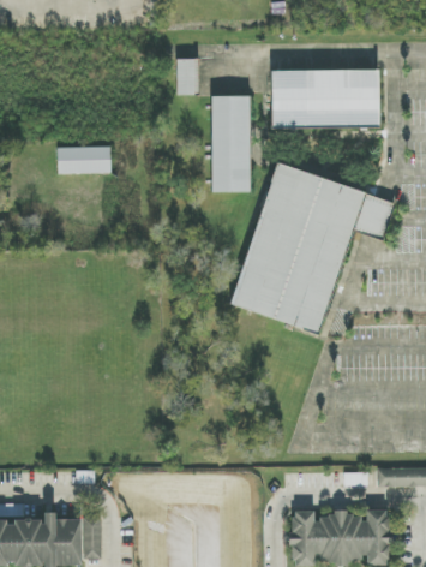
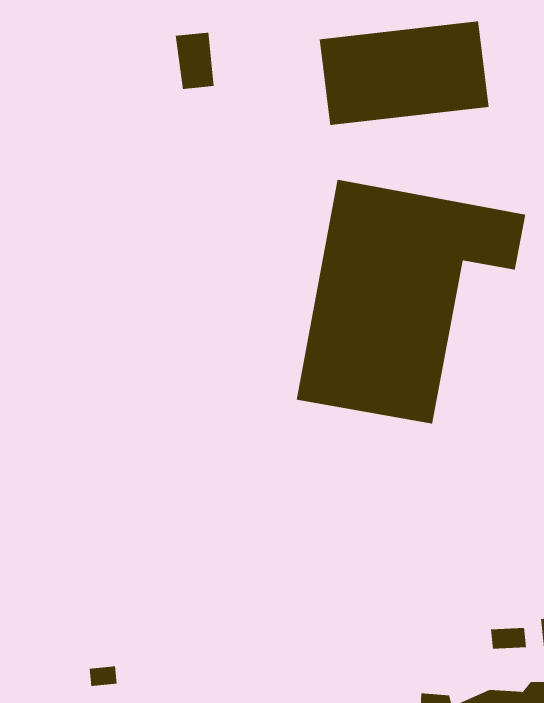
building: [211,95,251,191] -> none
building: [56,145,110,172] -> none

